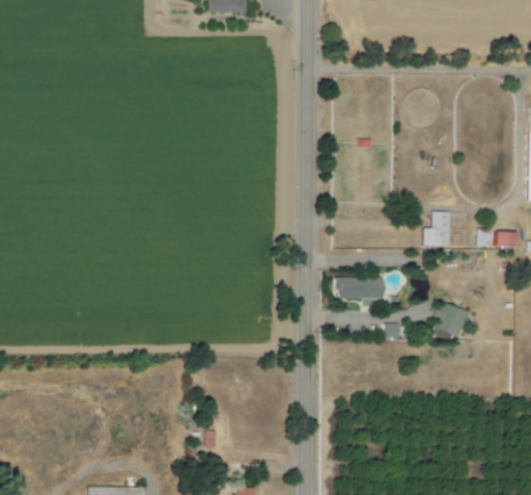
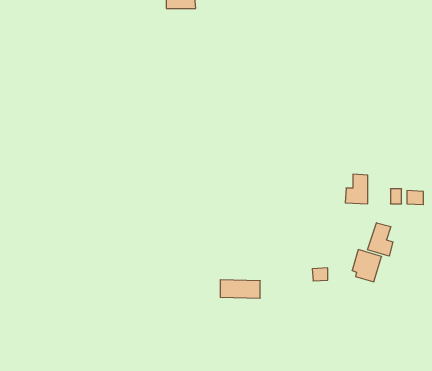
building: none -> [367,223,393,256]
building: [335,278,383,300] -> [220,280,260,298]

